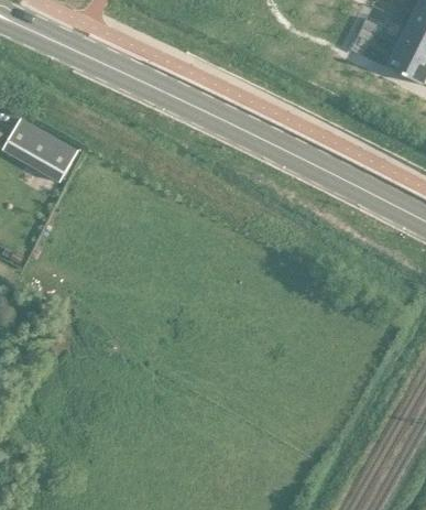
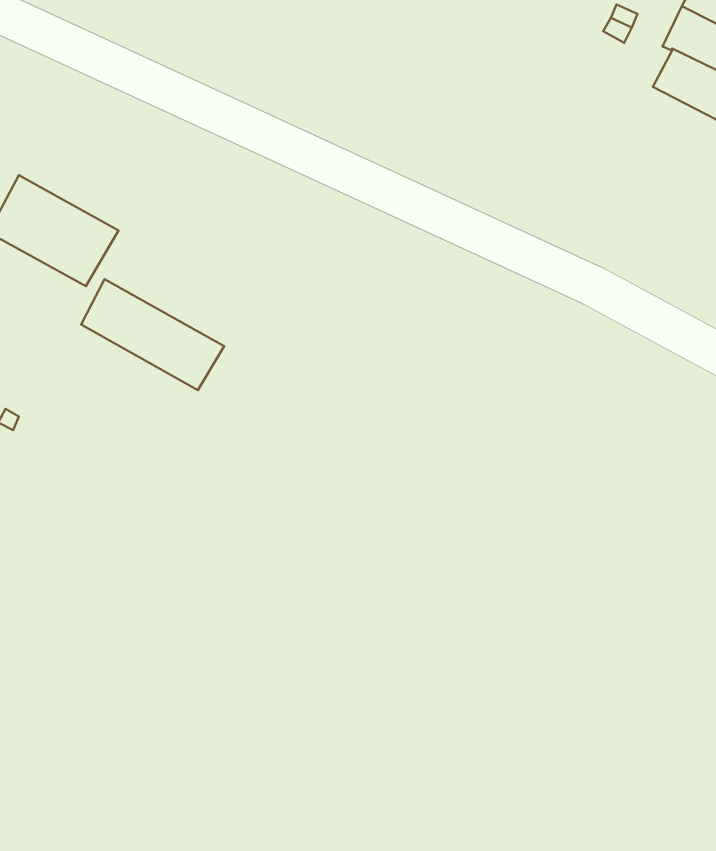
building: none -> [81,279,224,390]

